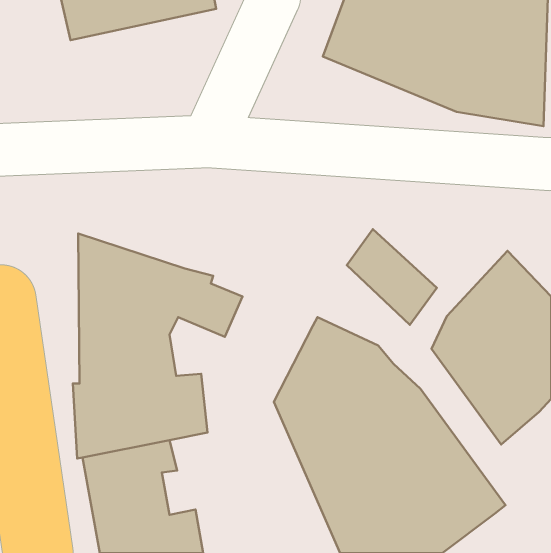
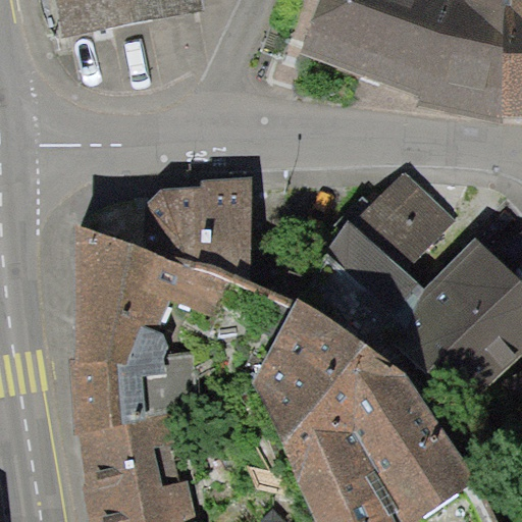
building: none -> [350,169,454,270]
building: none -> [146,177,250,276]

